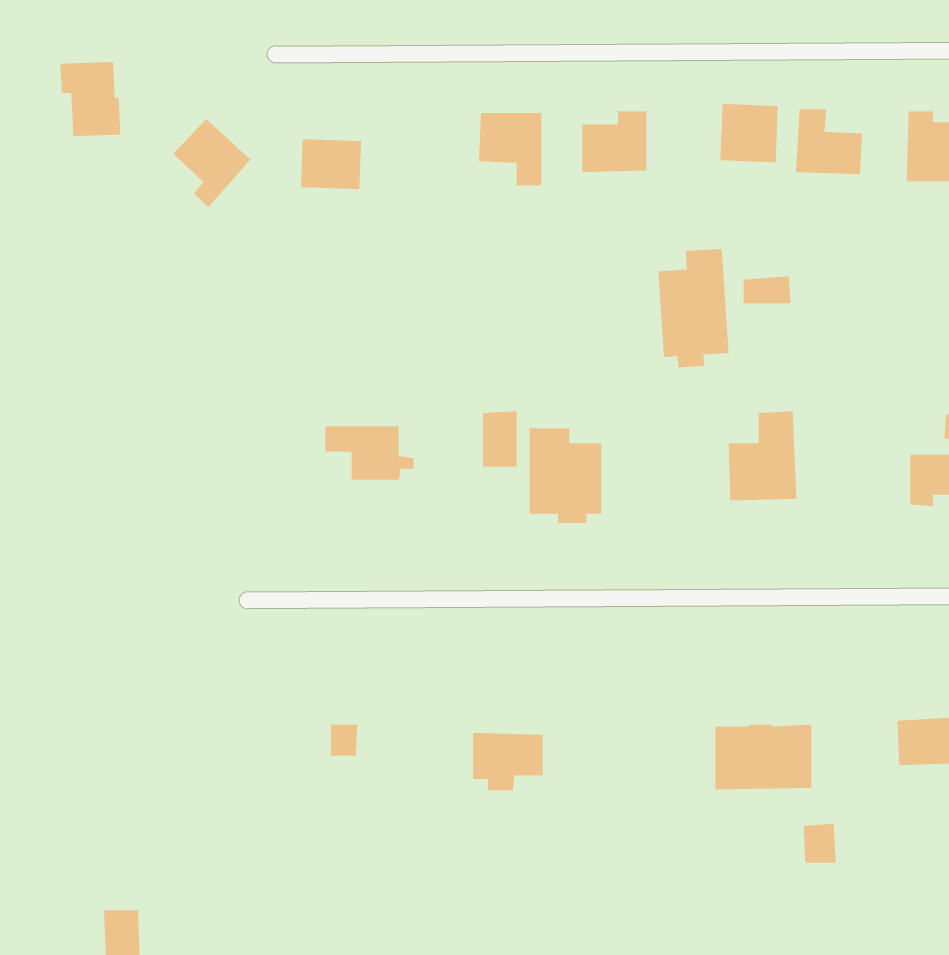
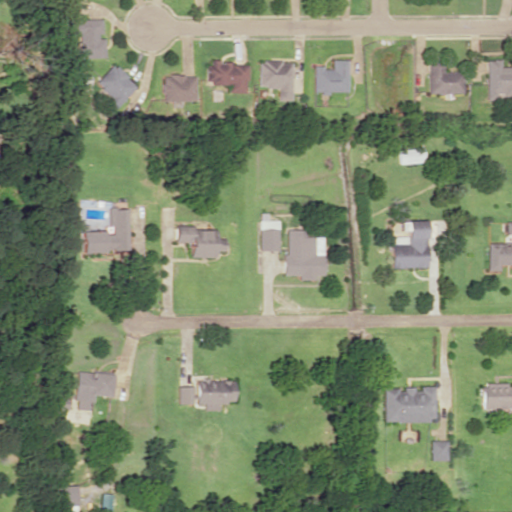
building: [59,62,121,137] -> [74,20,107,60]
building: [720,103,778,163] -> none
building: none -> [210,63,249,94]
building: [658,248,729,368] -> none
building: none -> [84,209,131,254]
building: none -> [77,373,115,411]
building: [472,733,543,791] -> [199,380,237,411]

